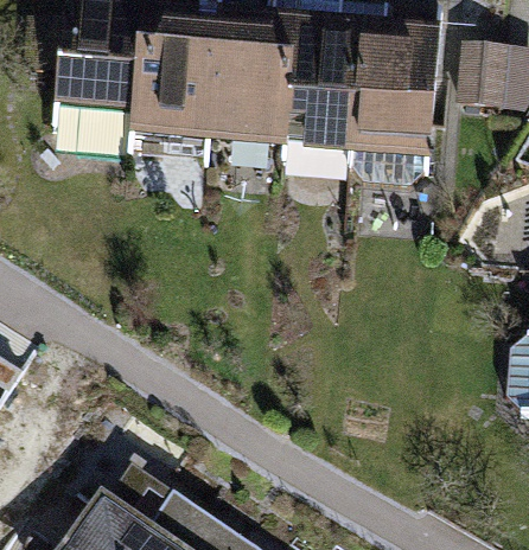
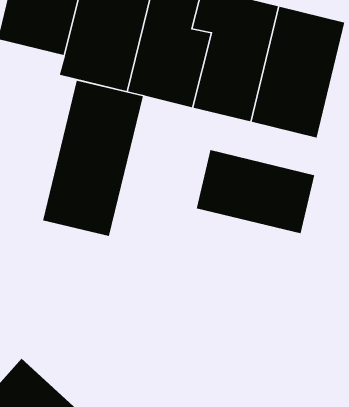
building: none -> [42,80,144,237]
building: none -> [196,149,315,234]

